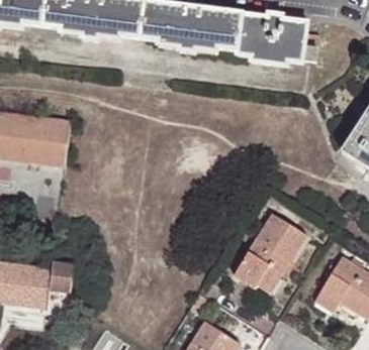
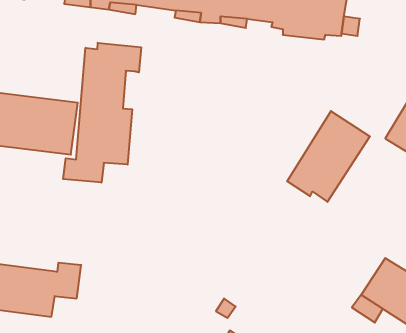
building: none -> [63,43,141,183]
building: [234,214,306,294] -> [287,111,370,202]

